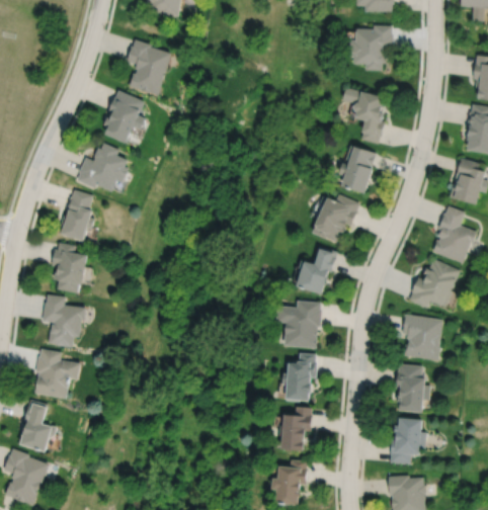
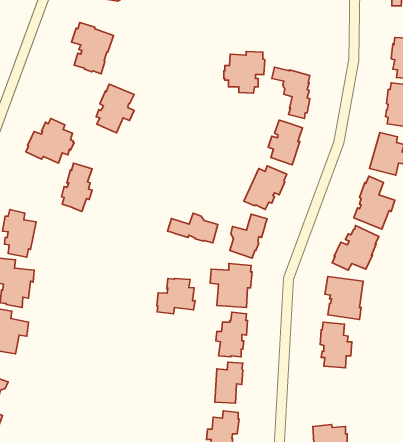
building: [349,24,394,70] -> [224,51,265,93]
building: [103,89,145,142] -> [96,84,134,133]
building: [60,189,93,242] -> [61,163,92,212]
building: none -> [167,213,218,243]
building: none -> [157,278,195,314]
building: [390,419,426,465] -> none

